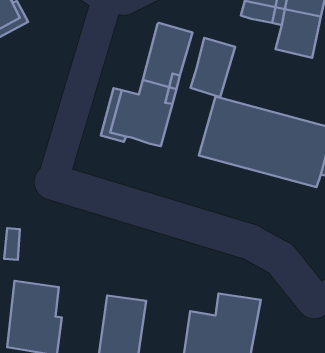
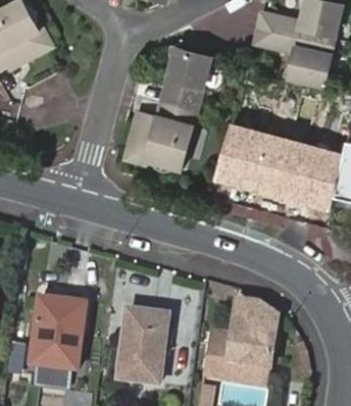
building: [191,38,235,97] -> none

